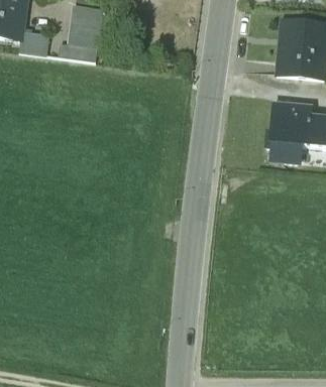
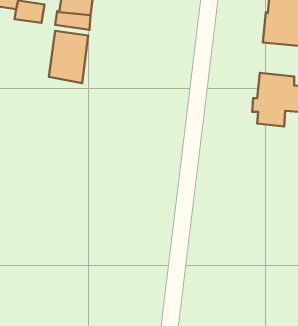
building: none -> [49,31,88,83]

